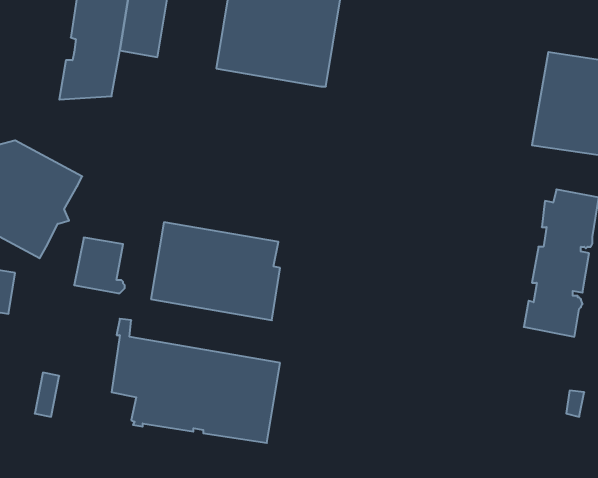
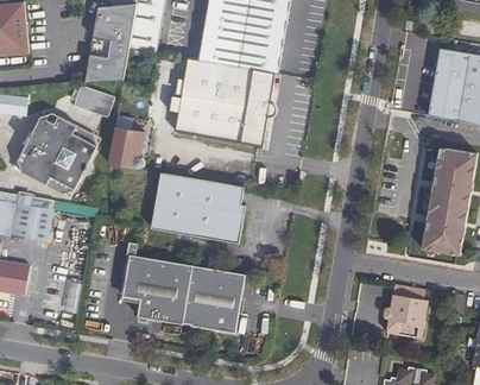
building: none -> [175,57,274,145]
building: none -> [76,84,118,116]
building: [74,238,125,293] -> [107,127,144,168]
building: none -> [383,283,428,337]

